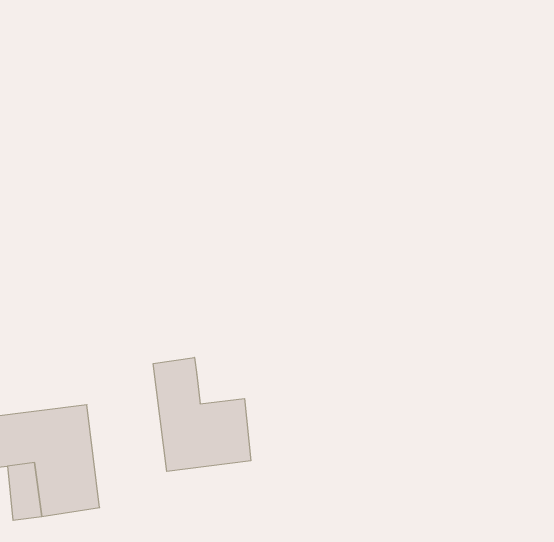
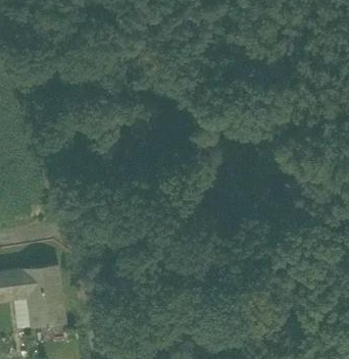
building: [153,357,251,471] -> none

